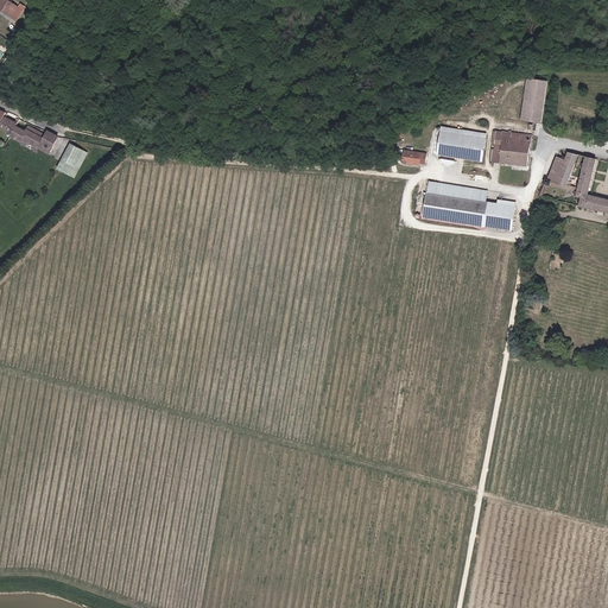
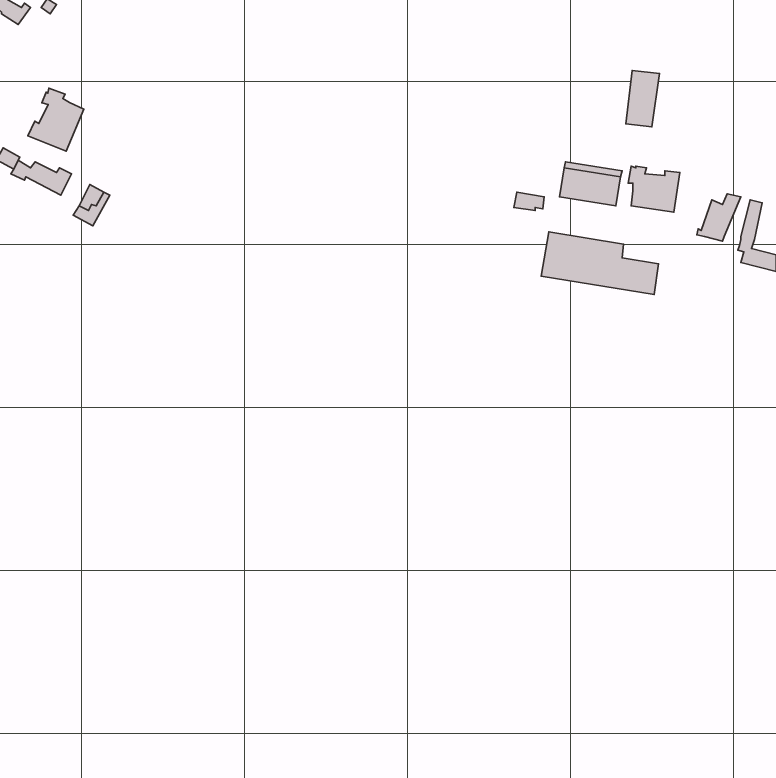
building: none -> [28,88,84,151]
building: [521,77,547,121] -> [626,70,659,127]

